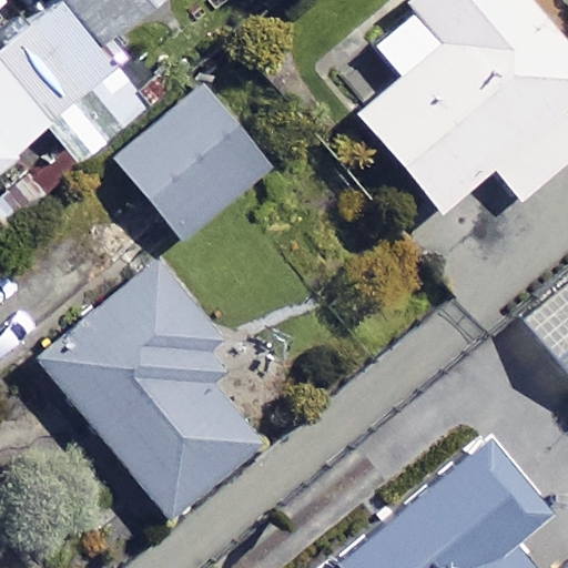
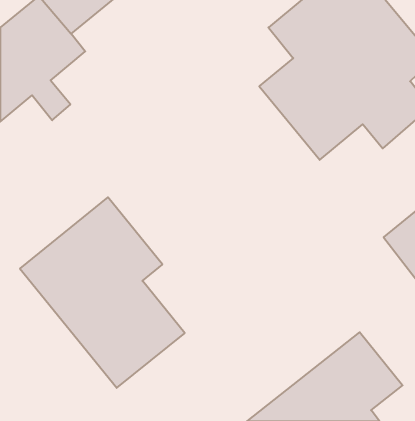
building: [115,77,278,237] -> none

